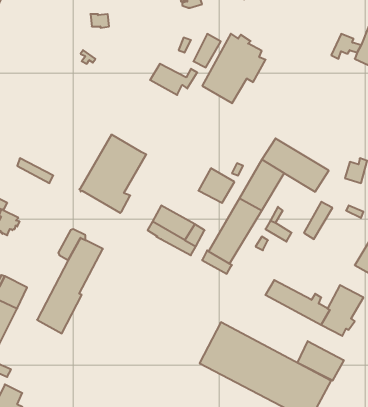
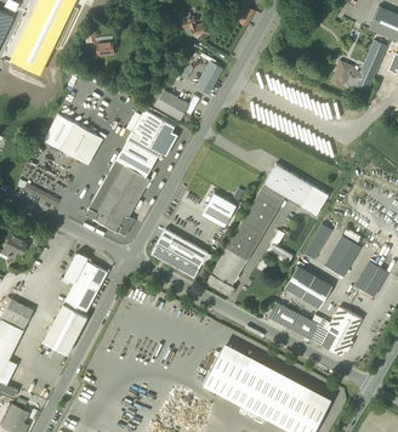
building: [202,34,266,103] -> [116,108,178,176]
building: none -> [44,112,103,164]
building: none -> [324,235,362,278]
building: none -> [284,267,332,309]
building: [297,341,344,381] -> none

